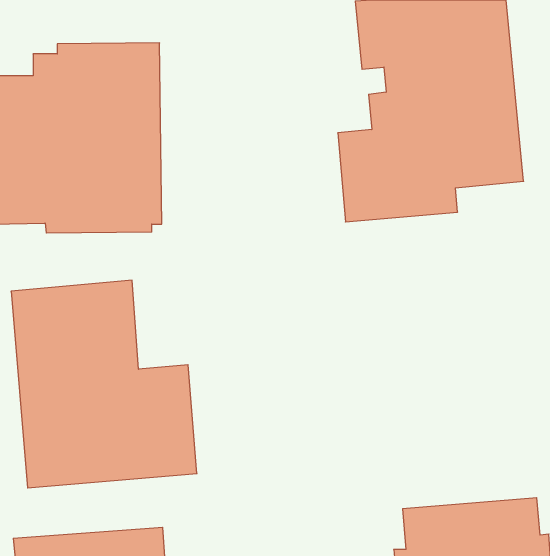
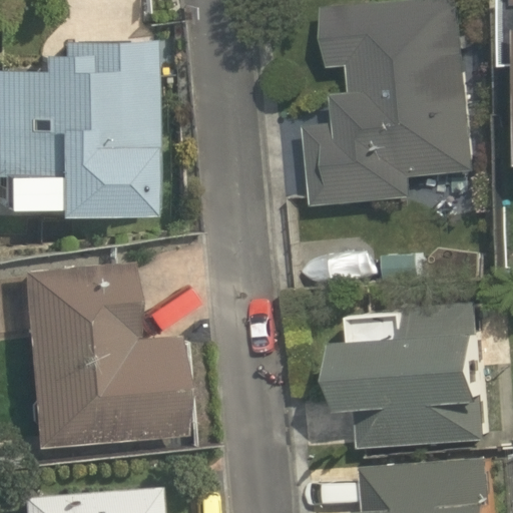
building: none -> [349,299,497,446]

